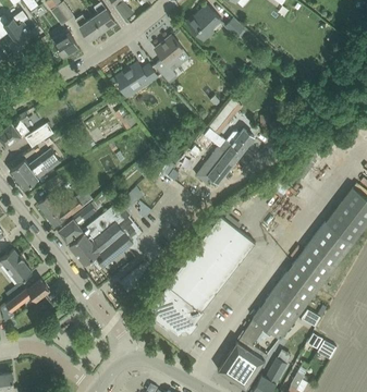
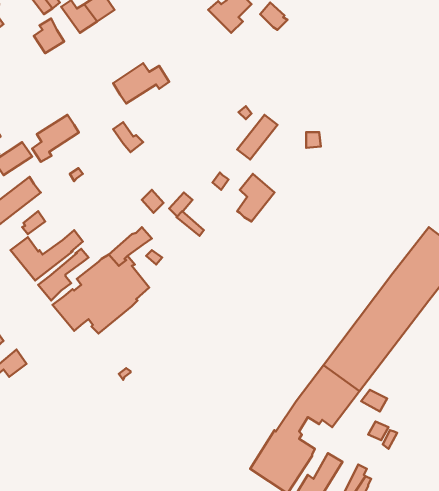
building: [154,36,184,83] -> none
building: none -> [32,115,79,162]
building: [220,130,254,161] -> none
building: [146,216,255,336] -> none

